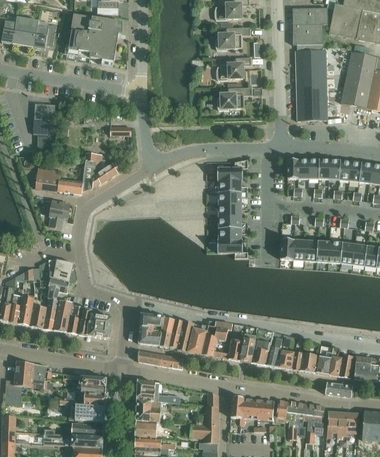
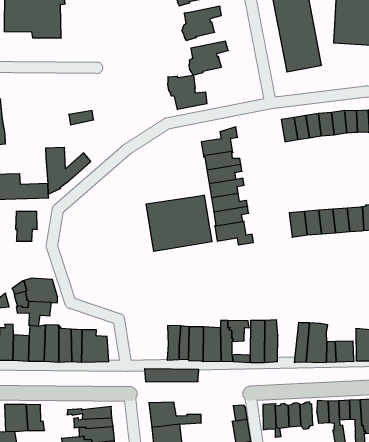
building: none -> [168,75,207,110]
building: none -> [146,195,212,251]
building: [139,314,164,345] -> none
building: [251,327,274,365] -> none

